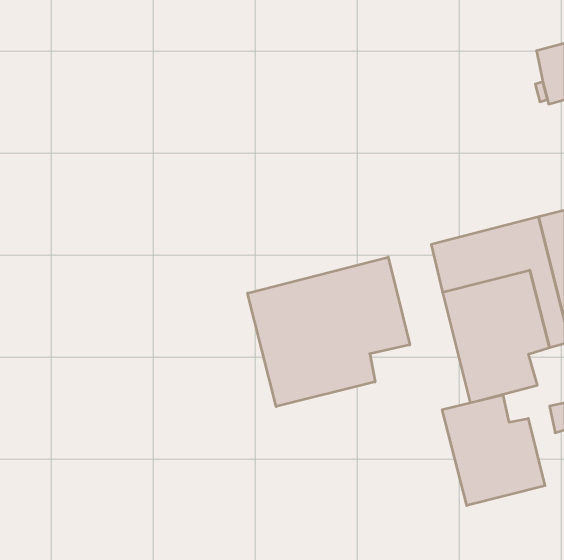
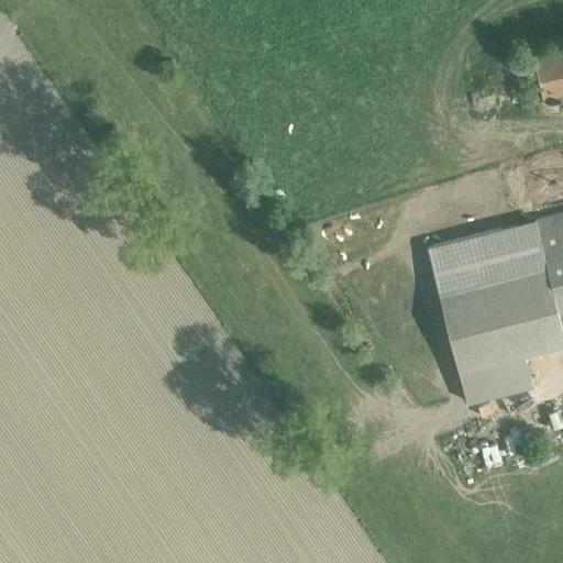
building: [248,257,410,407] -> none
building: [442,395,545,506] -> none

